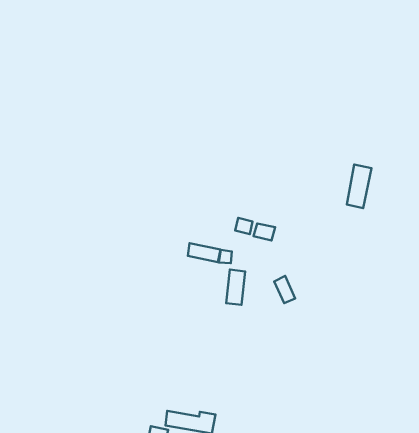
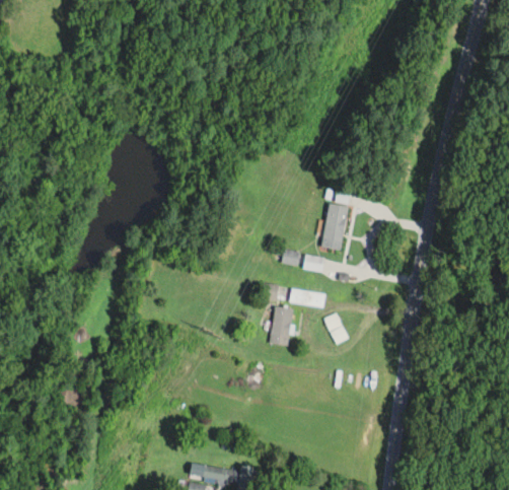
building: [347,165,371,208] -> [321,203,349,252]
building: [188,243,220,262] -> [289,288,325,309]

